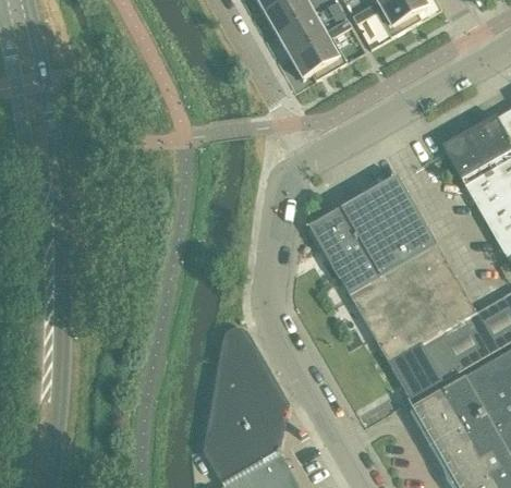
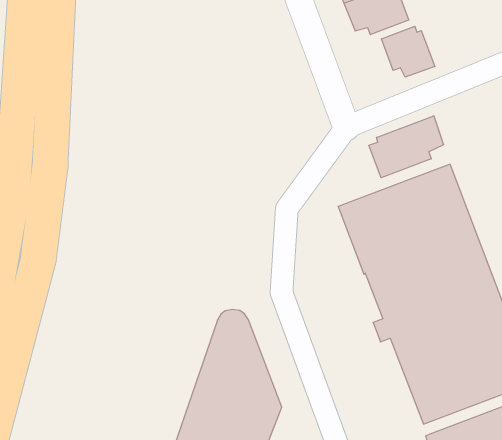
building: none -> [381,26,435,77]
building: none -> [369,116,444,178]

